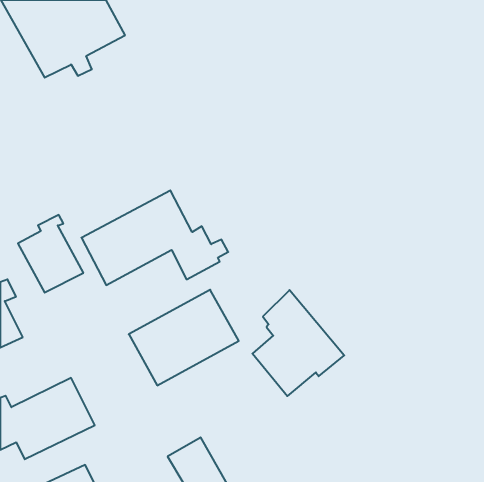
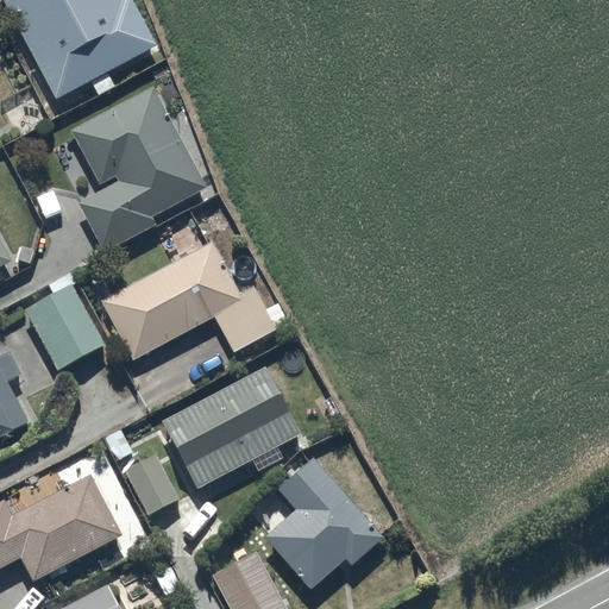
building: none -> [69,87,207,253]
building: [252,290,344,396] -> [266,456,382,589]
building: none -> [117,441,178,516]

